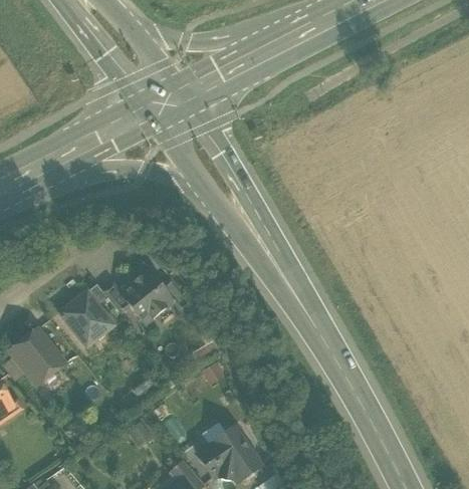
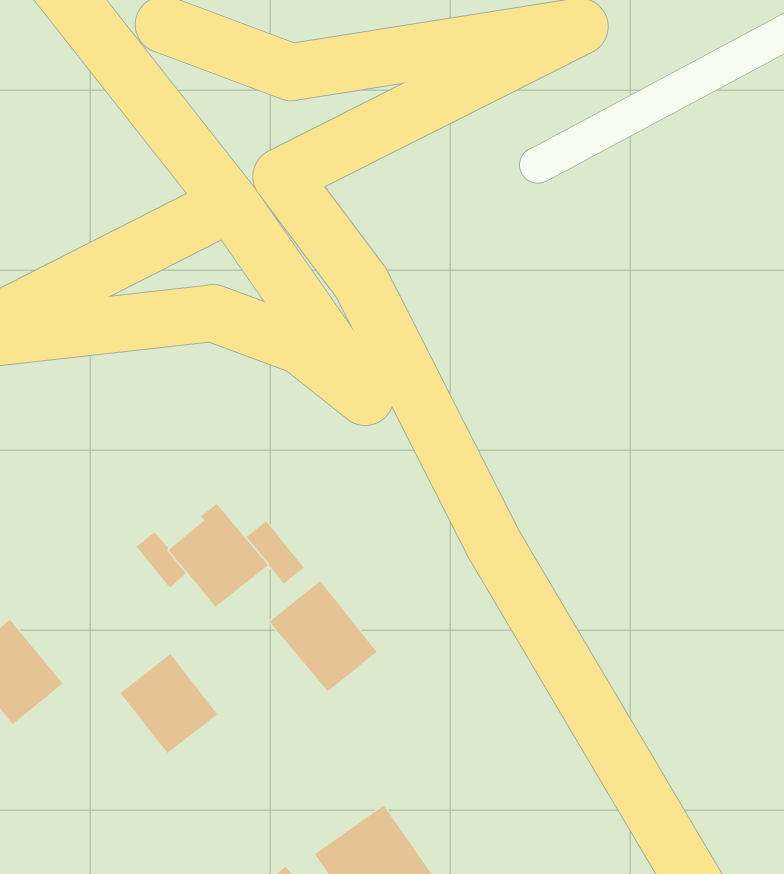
building: [62,288,114,341] -> [120,653,218,754]
building: none -> [269,580,377,692]

